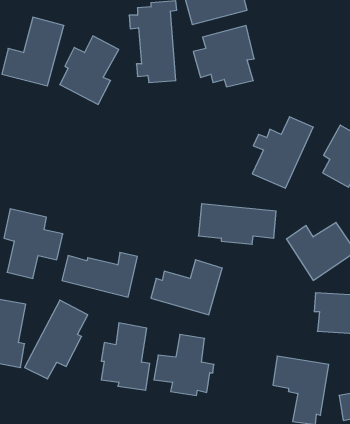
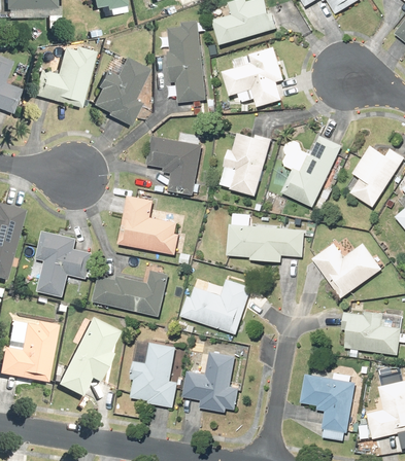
building: none -> [221,130,270,197]
building: none -> [145,136,202,194]
building: none -> [116,196,179,254]

